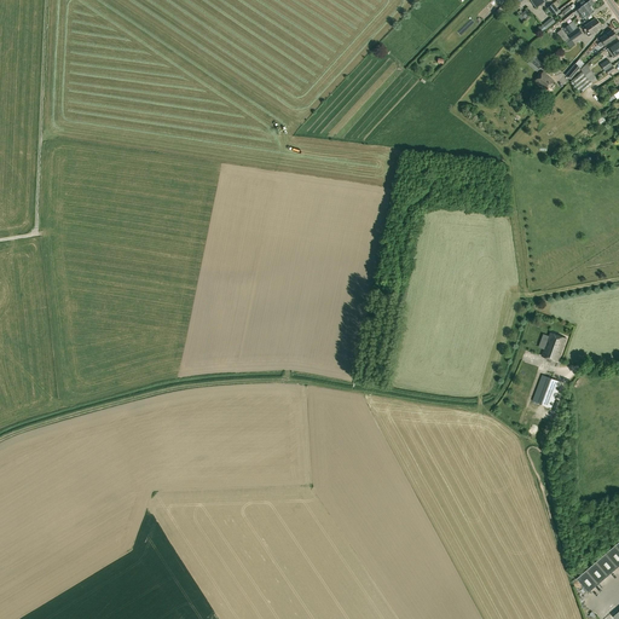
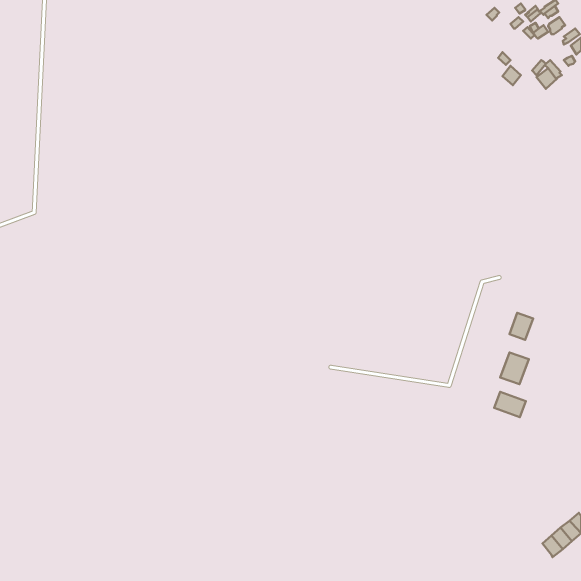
building: none -> [494,392,526,417]

